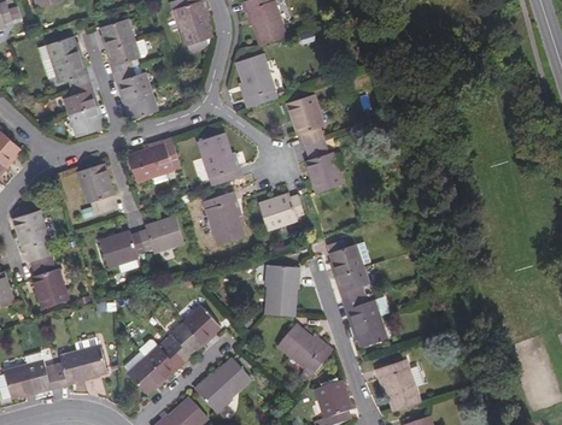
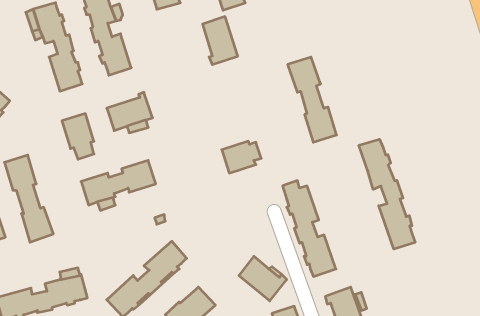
building: [287,94,343,190] -> [288,57,337,142]
building: [198,131,241,184] -> none
building: [204,190,244,243] -> none
building: none -> [359,139,415,249]
building: [265,264,300,314] -> none

